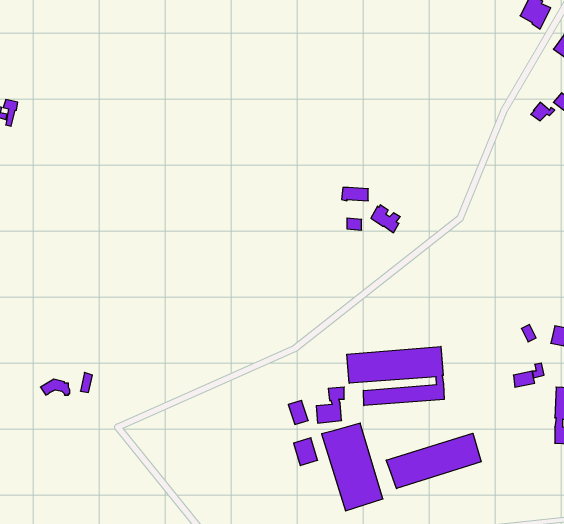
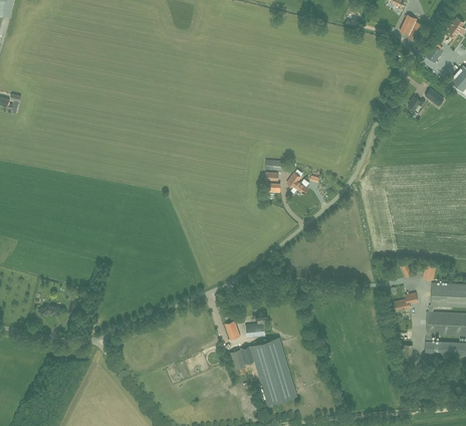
building: [347,346,444,406] -> none
building: [386,433,481,489] -> none

